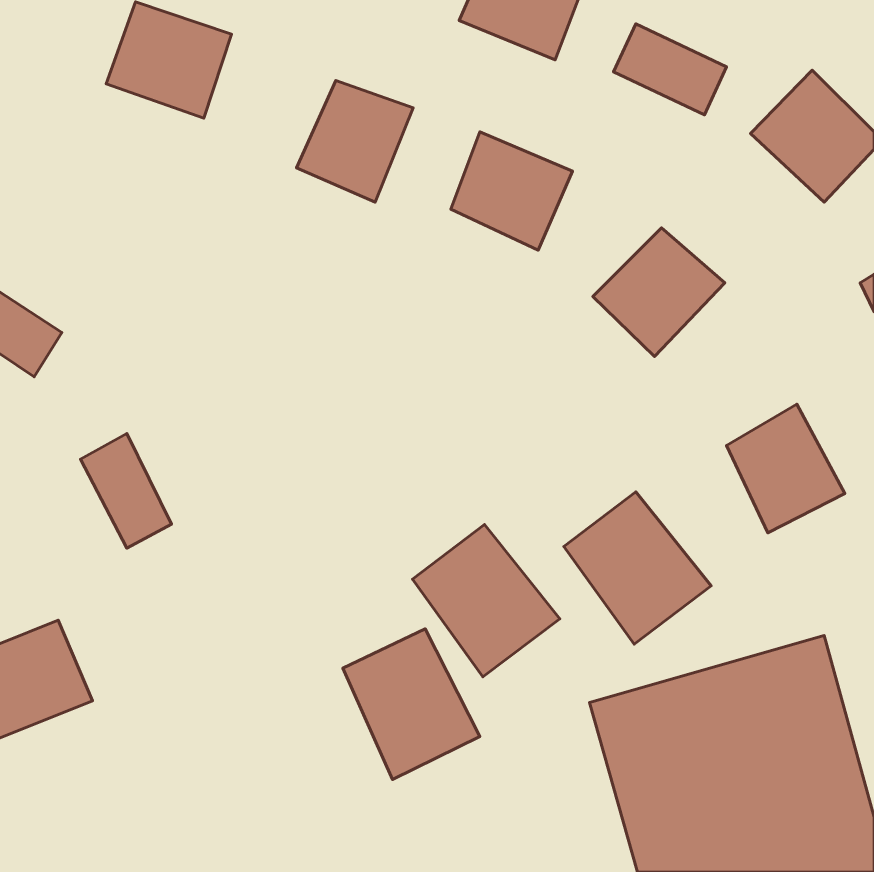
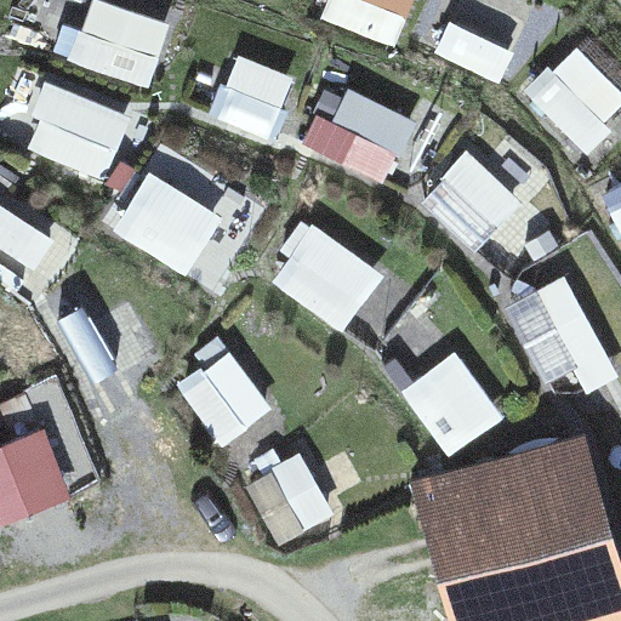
building: none -> [32,92,123,177]
building: none -> [112,171,220,273]
building: none -> [270,223,378,325]
building: [412,524,560,677] -> [172,341,277,449]

